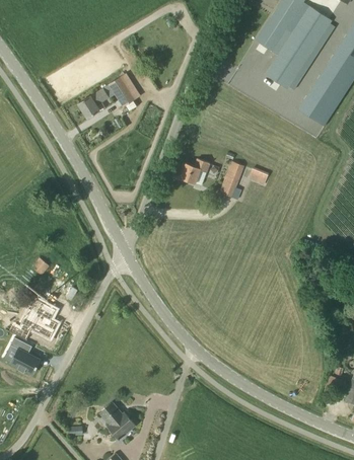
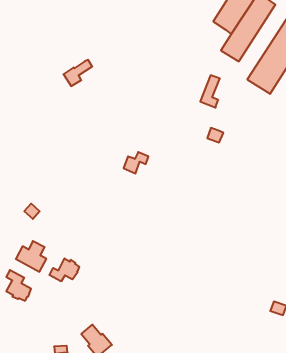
building: [109,72,137,105] -> none
building: [181,158,210,183] -> [124,152,148,173]
building: [220,161,243,200] -> [200,75,220,108]
building: none -> [49,258,79,281]

